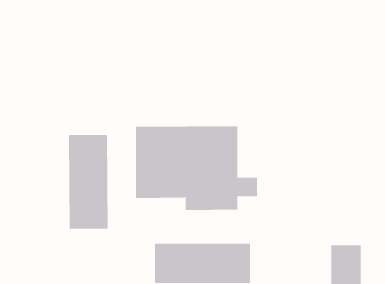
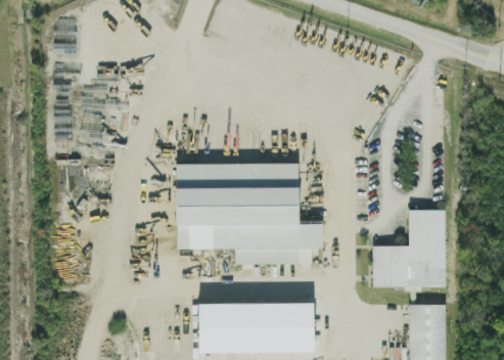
building: [68,134,108,230] -> none
building: none -> [372,210,446,287]

